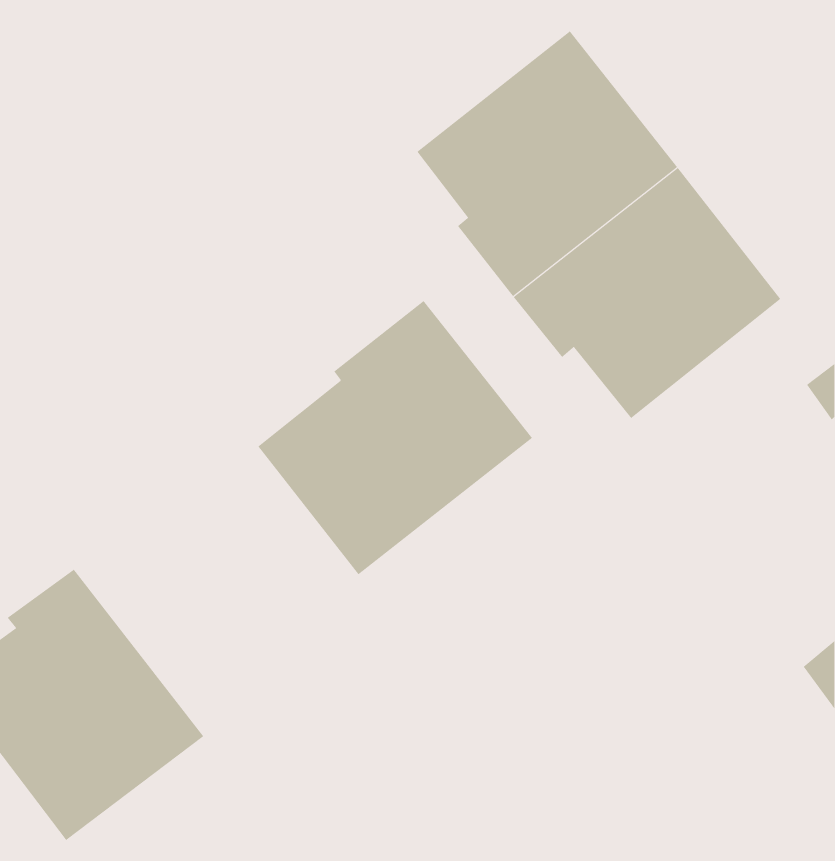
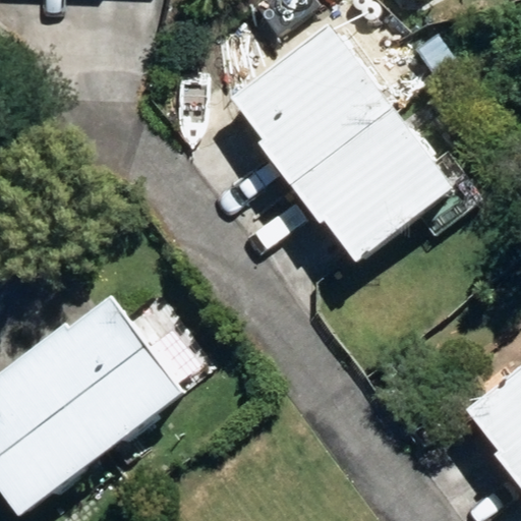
building: [257,300,533,575] -> none
building: none -> [45,288,201,445]

